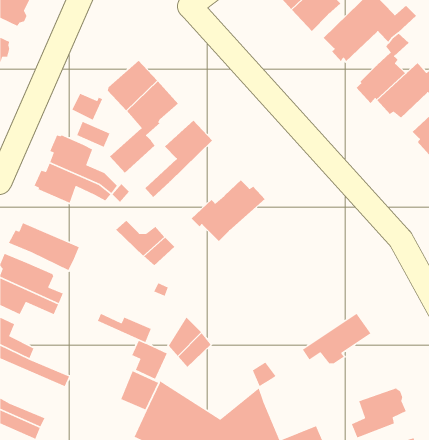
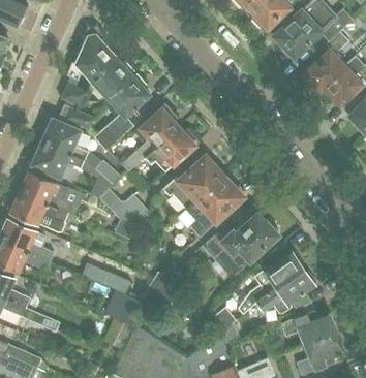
building: none -> [67,27,118,82]
building: none -> [145,124,199,172]
building: none -> [20,171,98,225]
building: none -> [191,174,243,237]
building: none -> [204,215,278,272]
building: none -> [237,251,303,312]
building: none -> [281,311,337,344]

